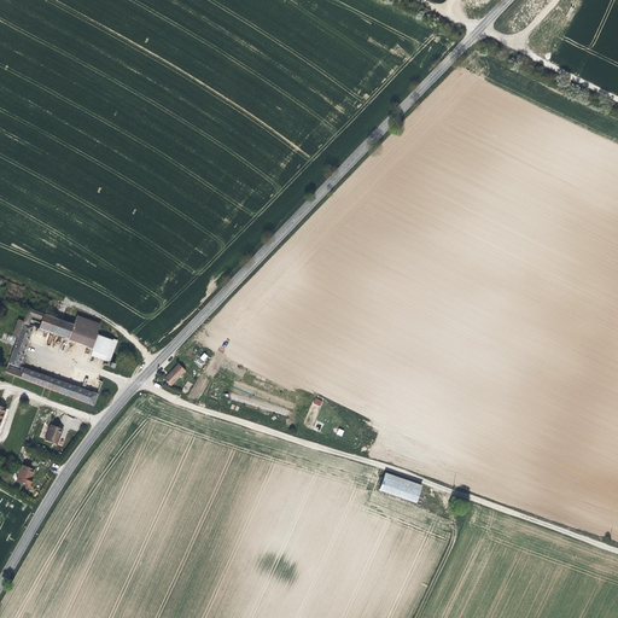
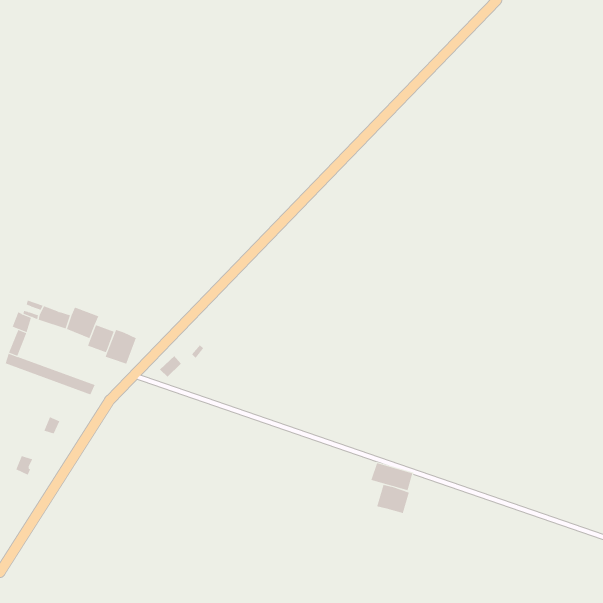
building: none -> [105,329,136,365]
building: none -> [376,484,409,514]

